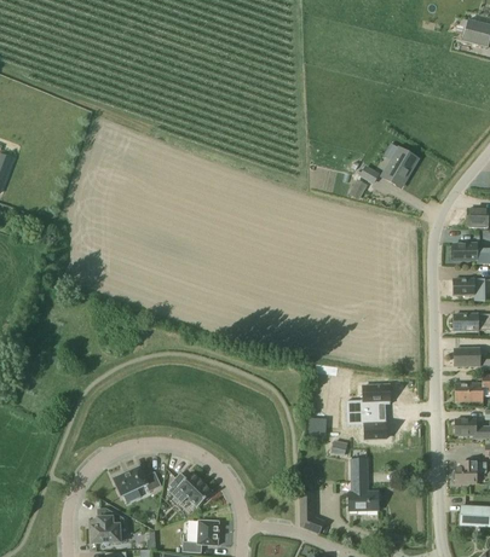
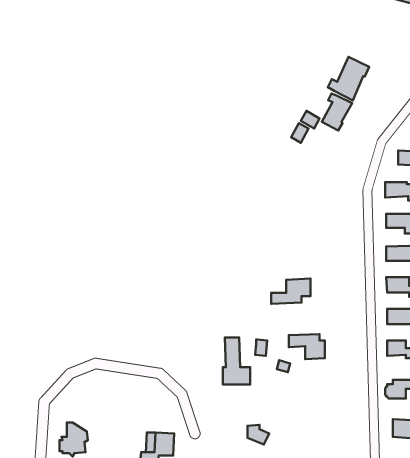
building: none -> [328,57,369,100]
building: [346,384,390,412] -> [271,279,310,304]
building: [348,458,379,510] -> [223,338,250,385]
building: [114,466,161,495] -> none
building: [169,471,213,506] -> none

